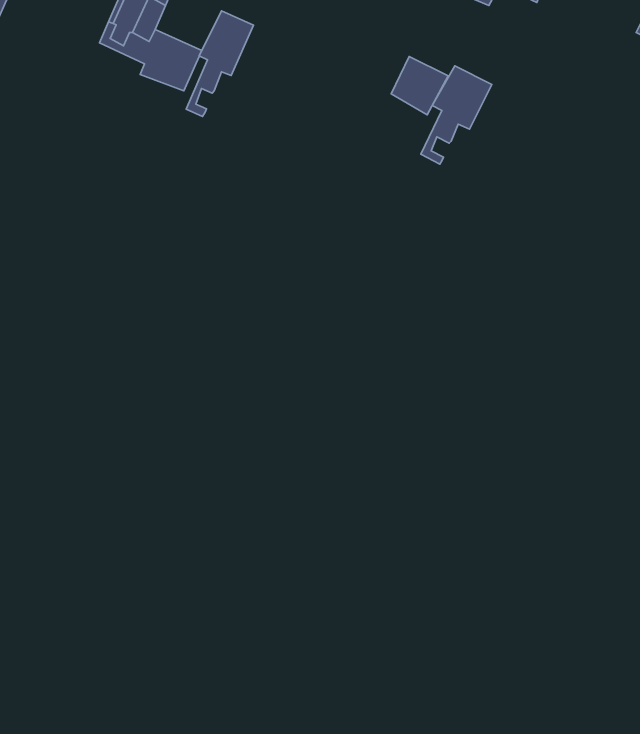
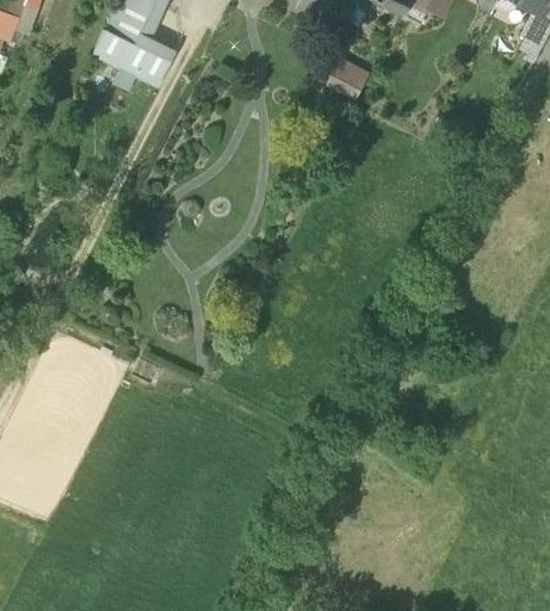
building: [186,11,253,117] -> none
building: [421,66,492,164] -> none

